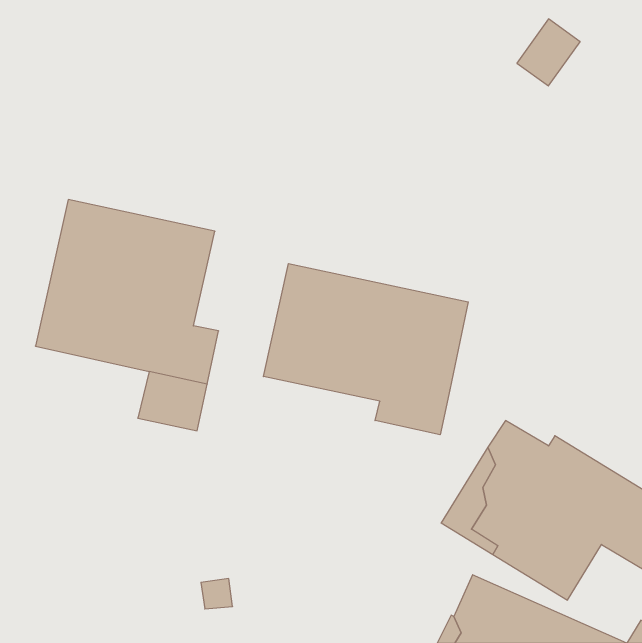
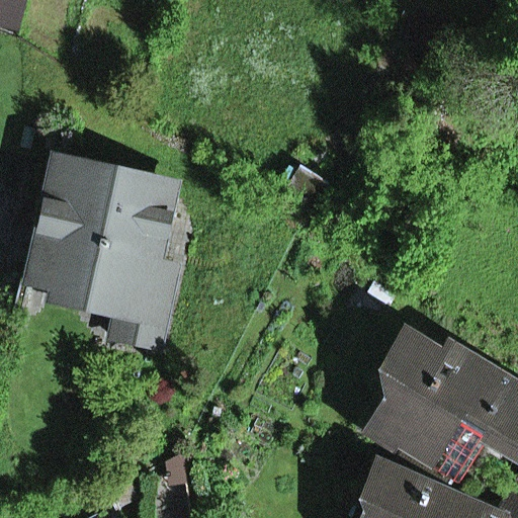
building: [263,264,468,435] -> none

